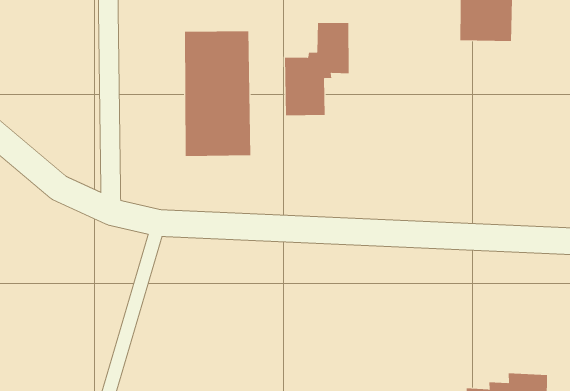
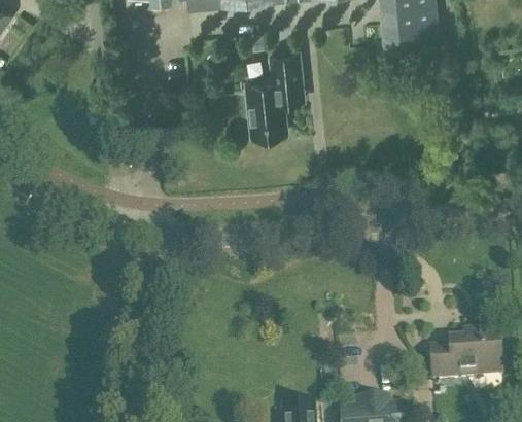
building: [185,30,251,157] -> none

